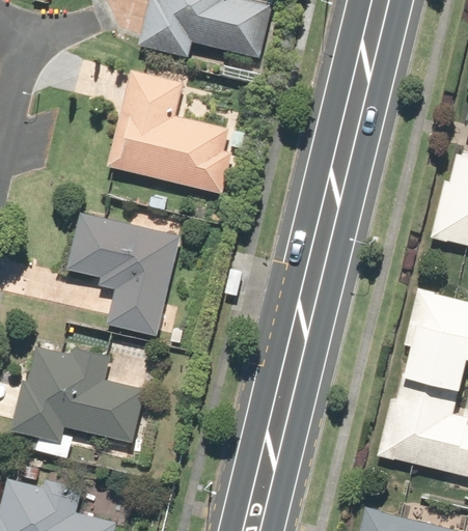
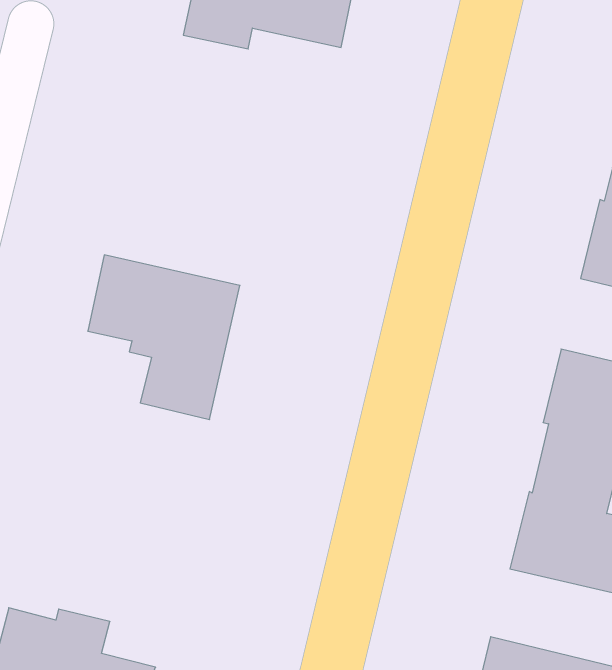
building: [107,72,231,196] -> none
building: [9,347,145,444] -> none

